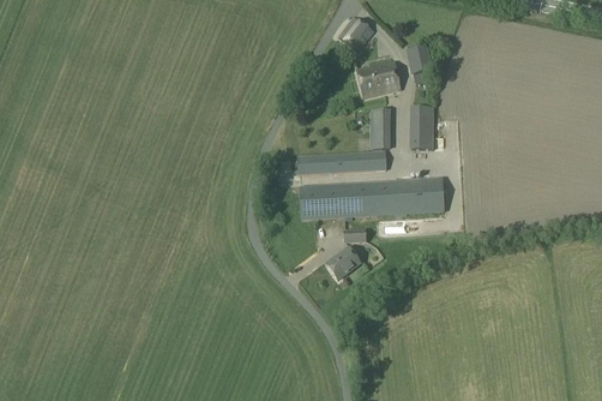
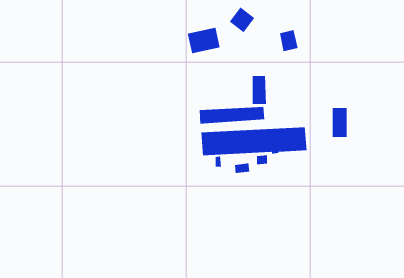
building: [355,61,401,97] -> [187,27,221,54]
building: [411,108,433,149] -> [332,107,348,137]
building: [327,246,361,279] -> none

